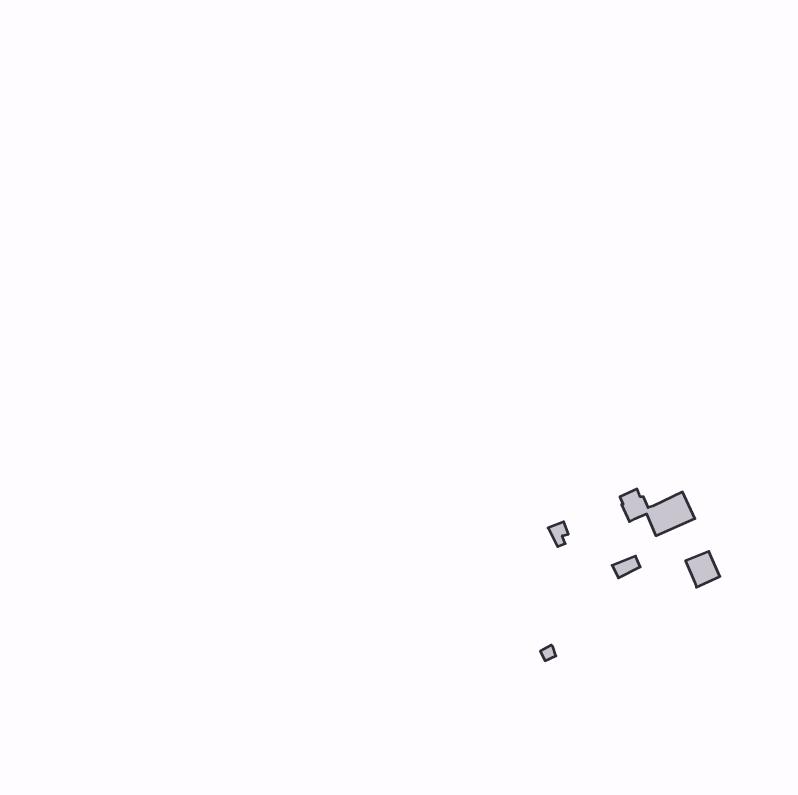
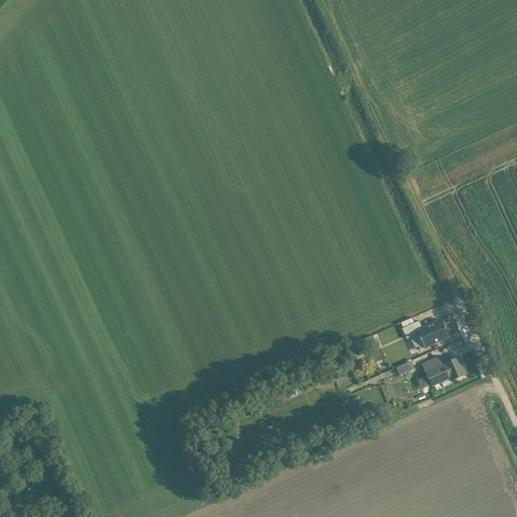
building: none -> [417,358,449,388]

